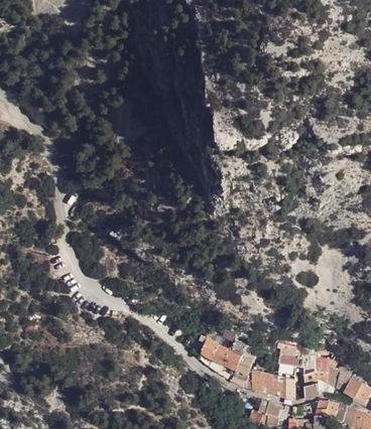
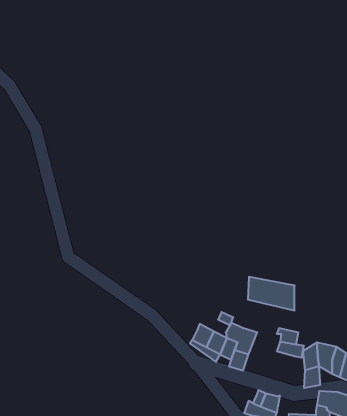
building: [251,370,294,401] -> [248,277,295,310]

